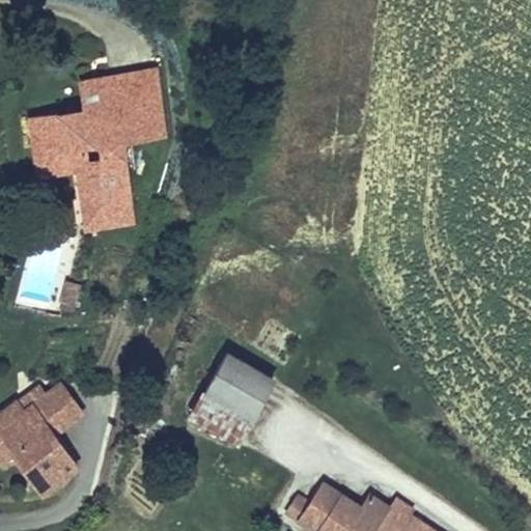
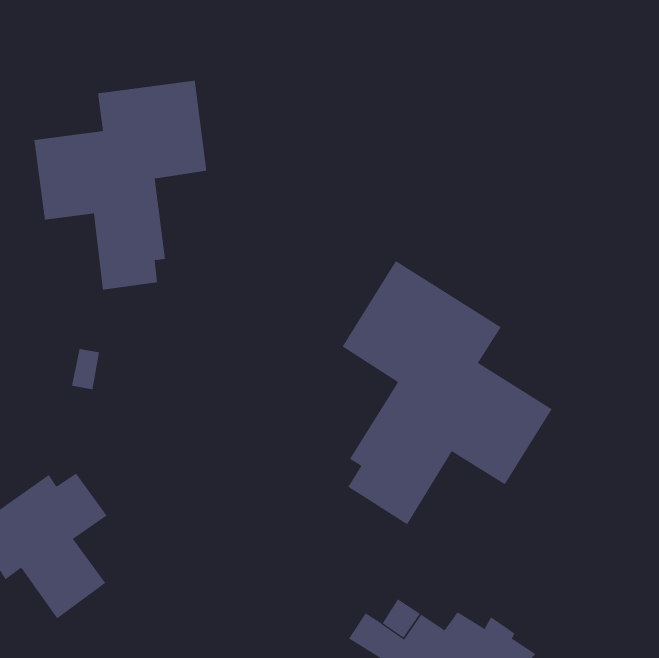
building: none -> [342,260,553,525]
building: [187,351,279,448] -> none

